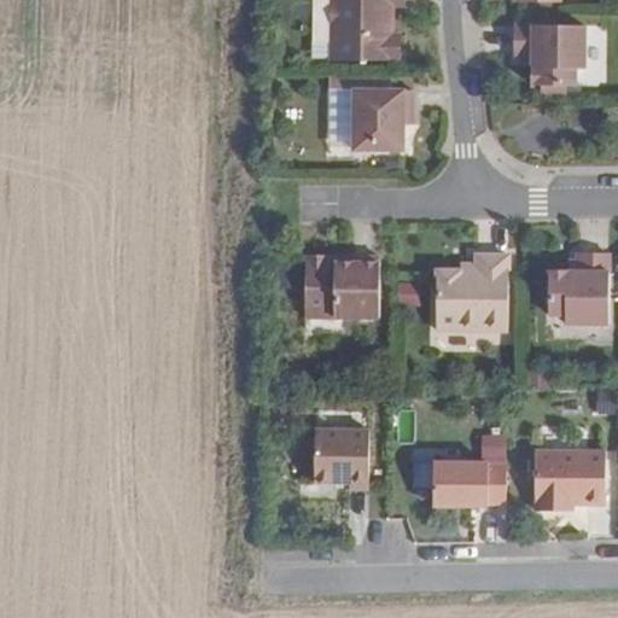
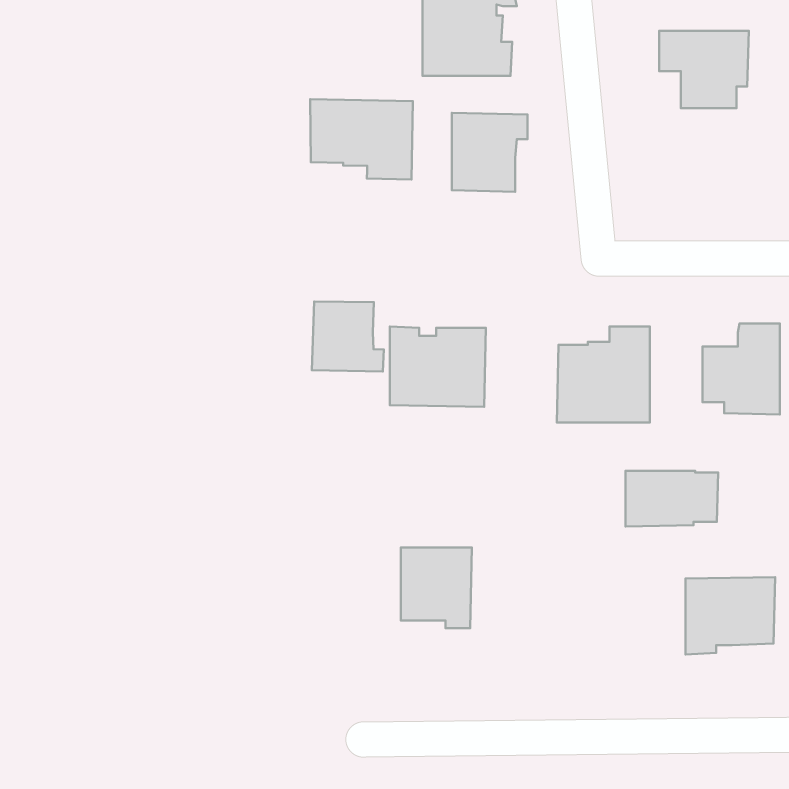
building: none -> [310,99,413,179]
building: none -> [312,302,384,371]
building: [433,462,506,506] -> [626,471,718,527]

